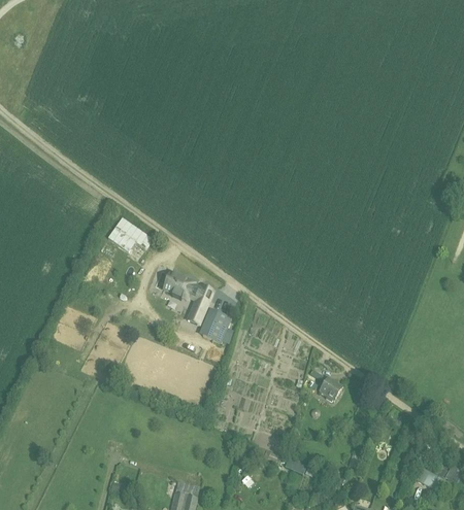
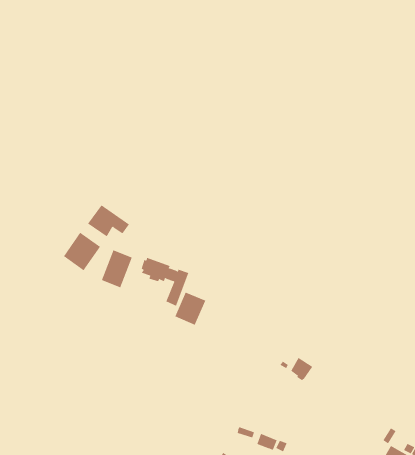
building: none -> [63,232,101,271]
building: none -> [101,250,132,288]

